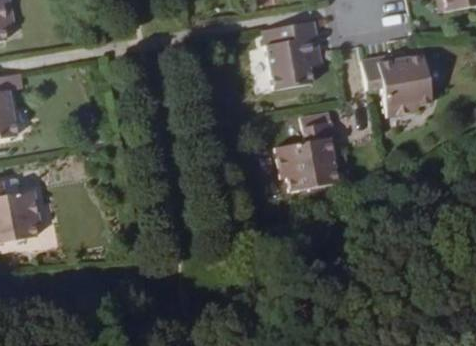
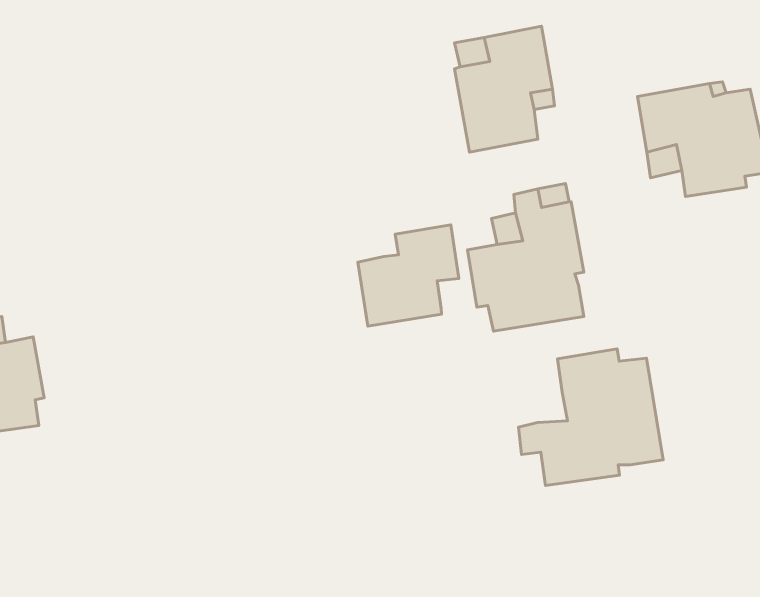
building: none -> [358,225,459,326]
building: none -> [519,349,663,486]

